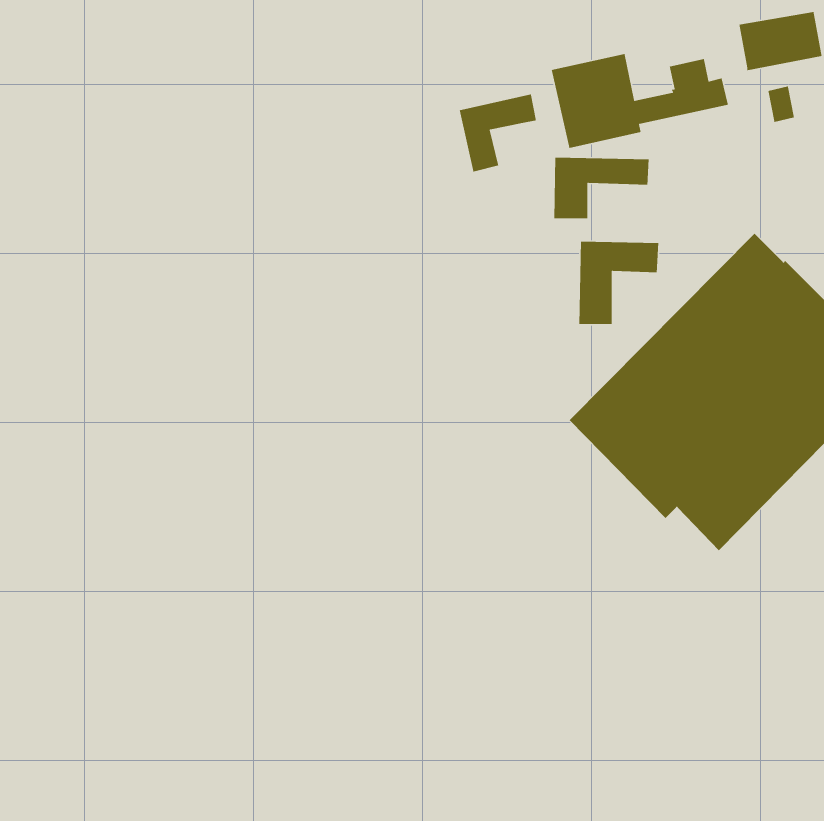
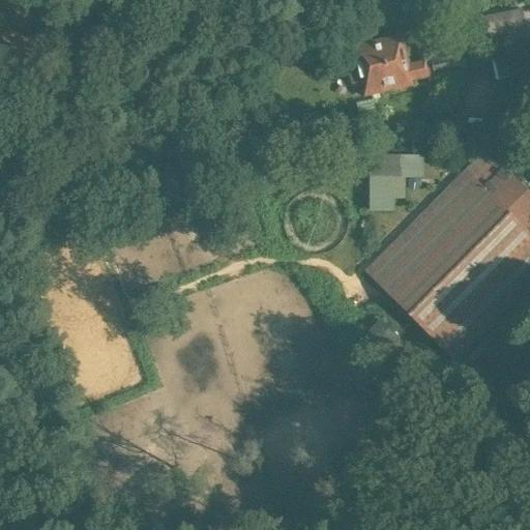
building: [459,94,537,173] -> none
building: [554,157,649,219] -> none

